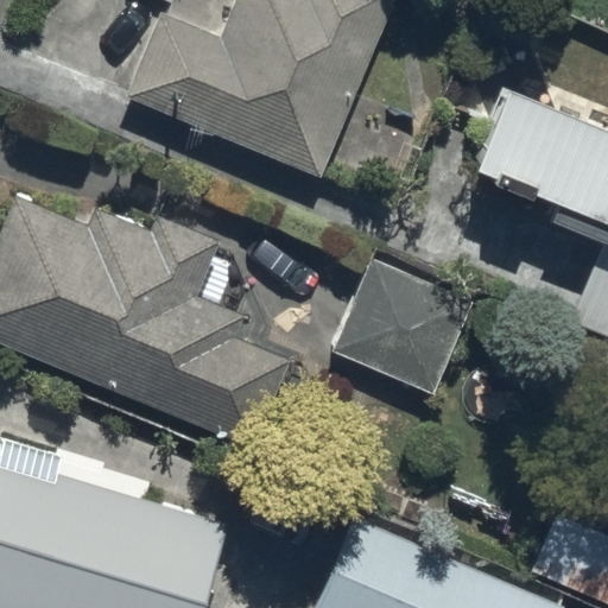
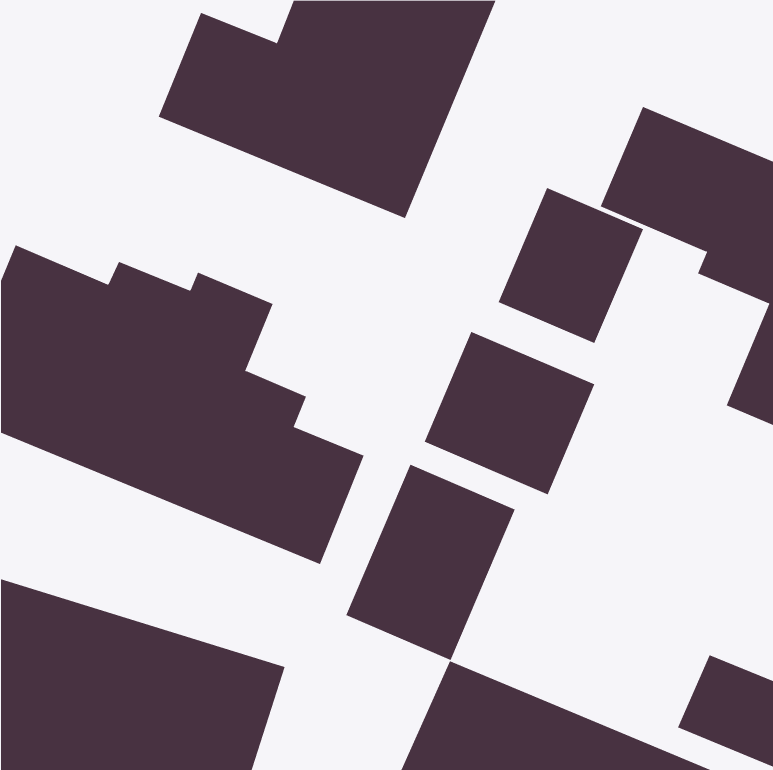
building: none -> [498,187,644,344]
building: none -> [345,464,515,661]

